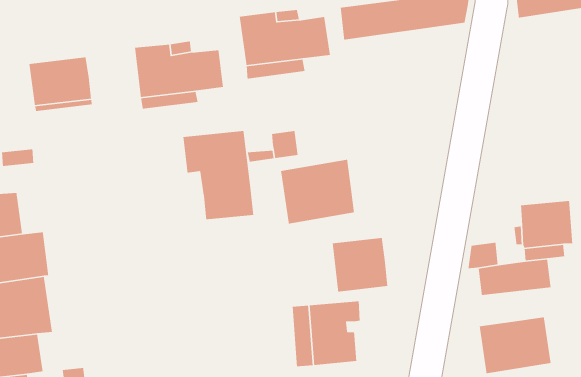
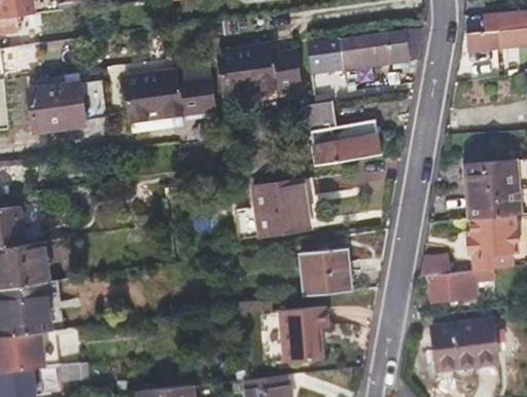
building: none -> [298,100,380,166]
building: [182,130,254,220] -> none
building: none -> [466,160,519,218]

